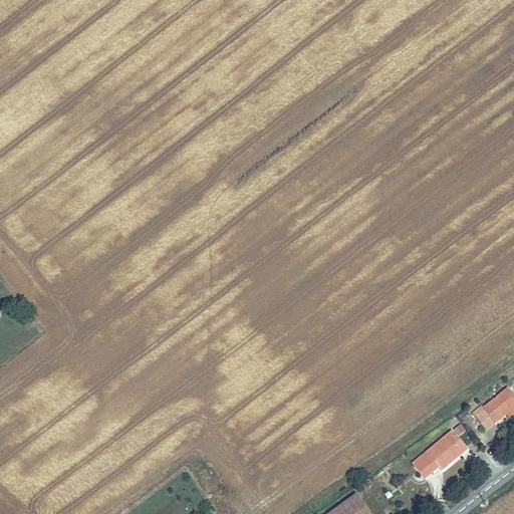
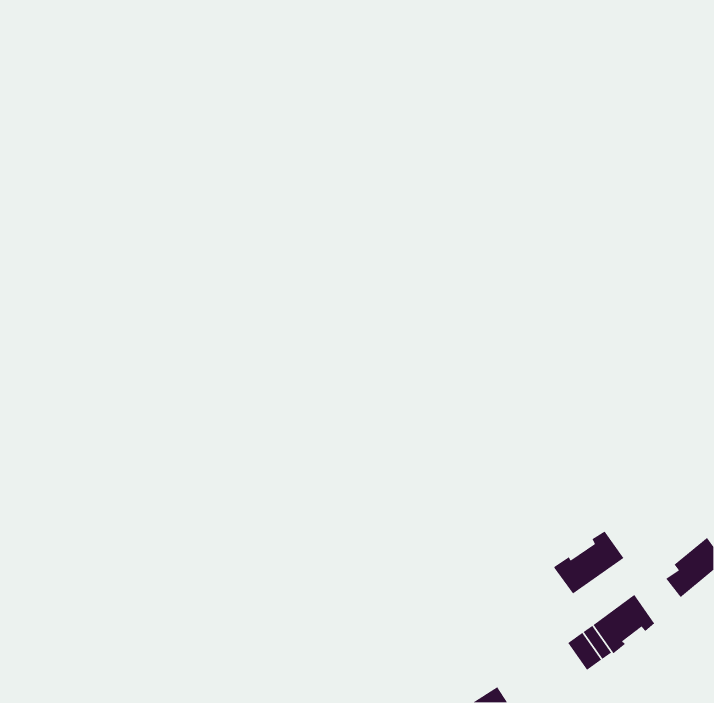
building: none -> [553,531,625,594]

